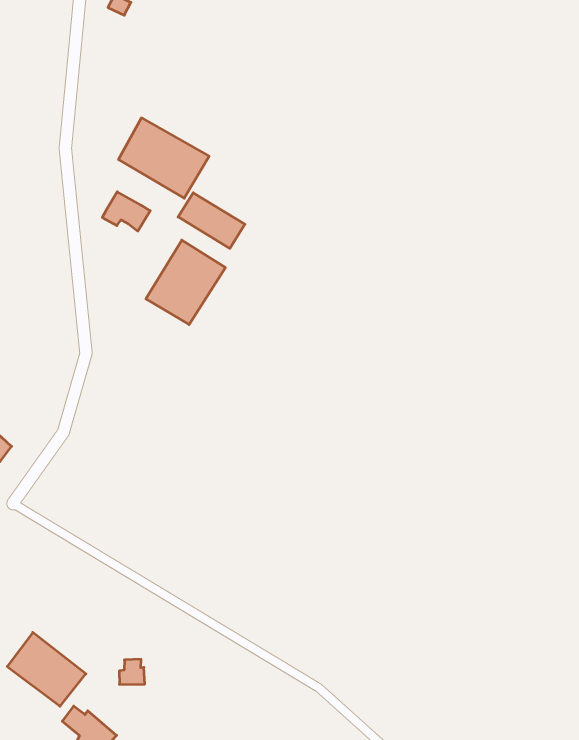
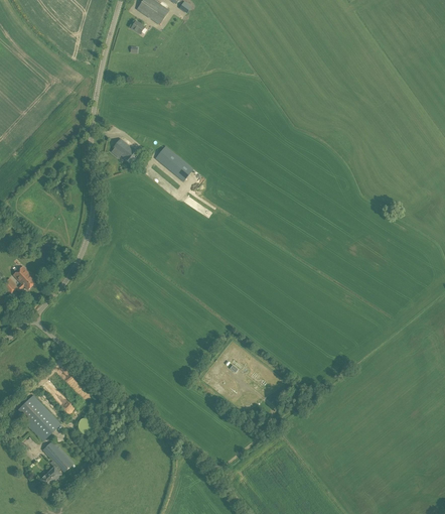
building: [119,118,209,198] -> none
building: [146,240,225,325] -> none

